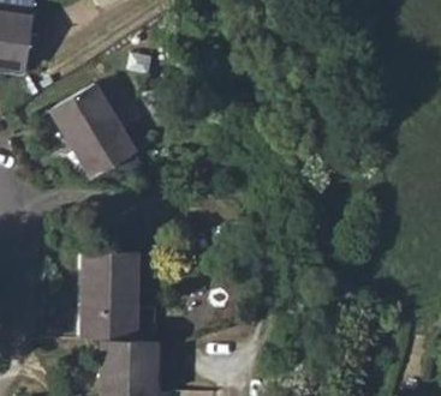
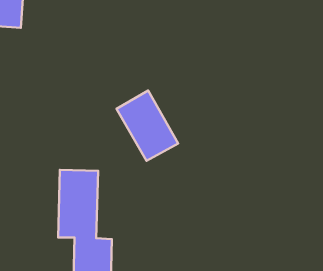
building: [52,84,133,176] -> [116,91,178,161]

